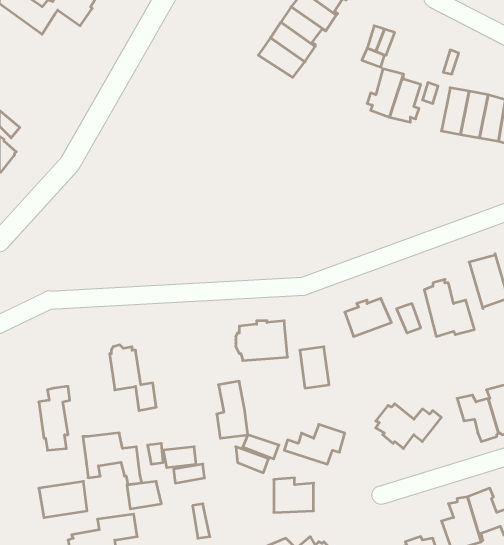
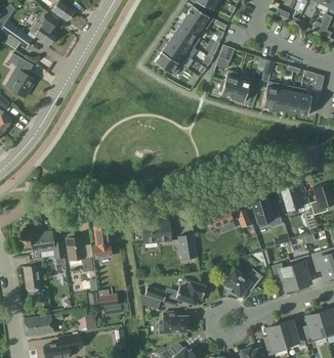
building: none -> [5,53,34,97]
building: [217,381,248,438] -> [92,225,111,259]
building: [83,433,142,485] -> [30,232,65,263]

